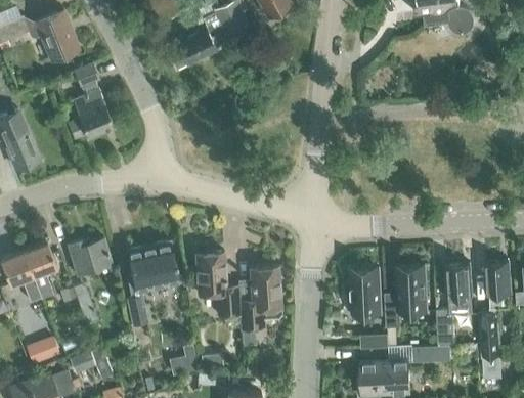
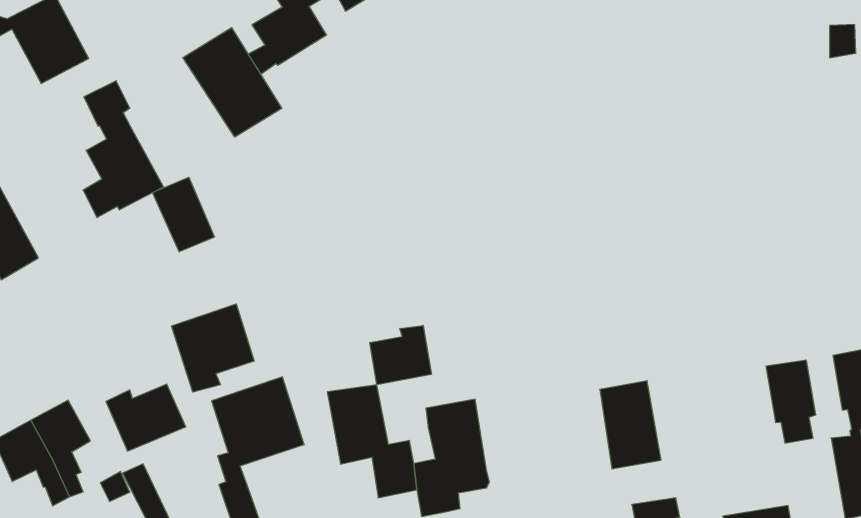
building: none -> [183,28,282,137]
building: none -> [153,177,214,252]
building: none -> [172,304,254,392]
building: none -> [370,325,432,385]
building: [385,264,427,326] -> none
building: [436,310,454,345] -> none

